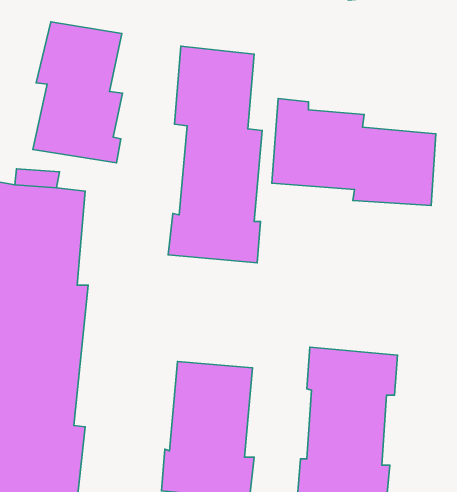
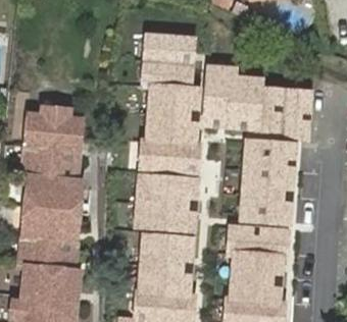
building: [33,22,122,163] -> none
building: none -> [240,142,290,221]
building: none -> [132,176,194,232]

